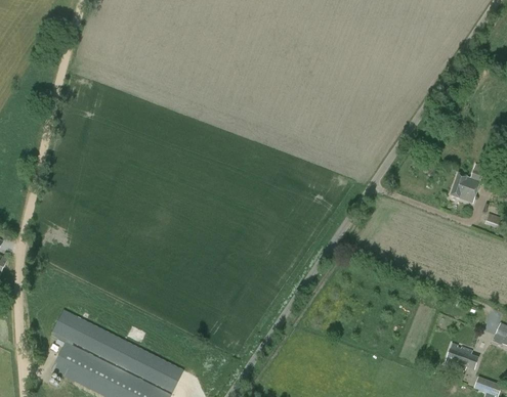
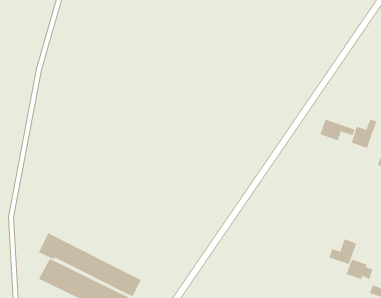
building: none -> [320,119,355,141]
building: none -> [329,239,357,265]

